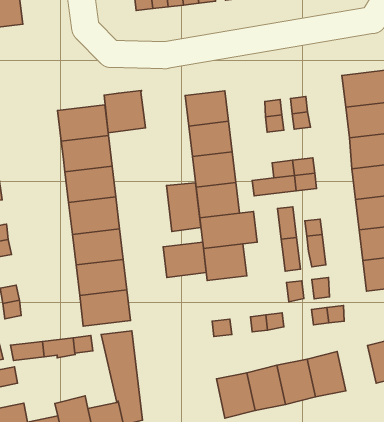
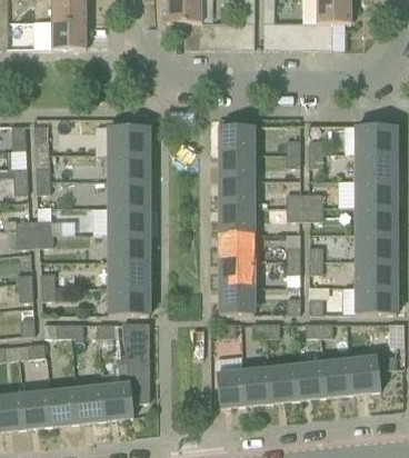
building: [104,90,145,133] -> none
building: [166,183,201,231] -> none
building: [163,242,206,277] -> [219,287,253,313]
building: none -> [323,359,353,396]

